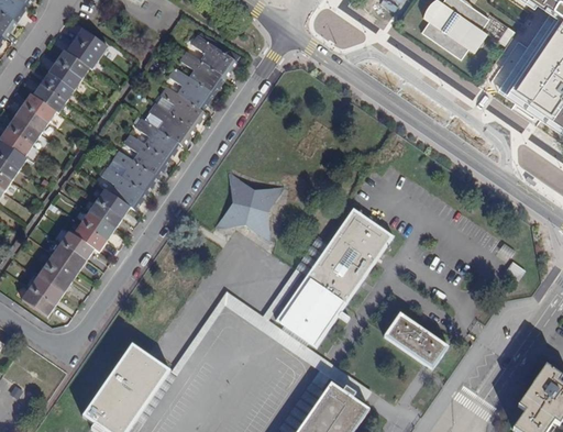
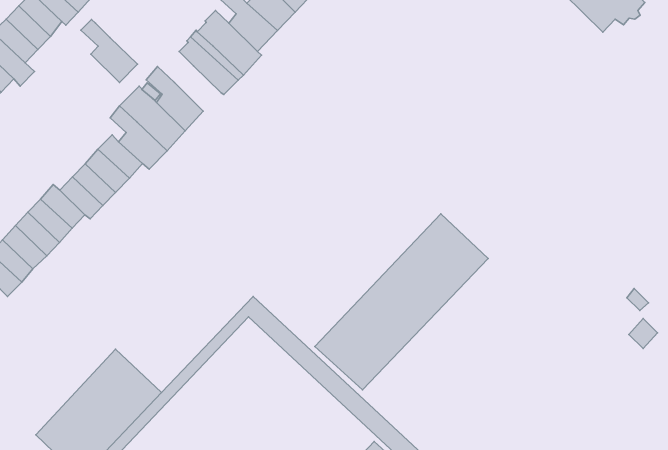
building: [134,118,179,160] -> [81,20,138,83]
building: [216,173,283,240] -> none
building: [384,313,448,368] -> none

